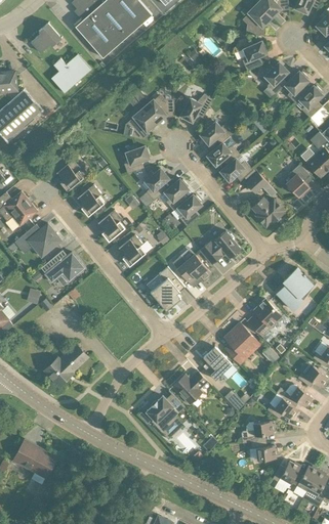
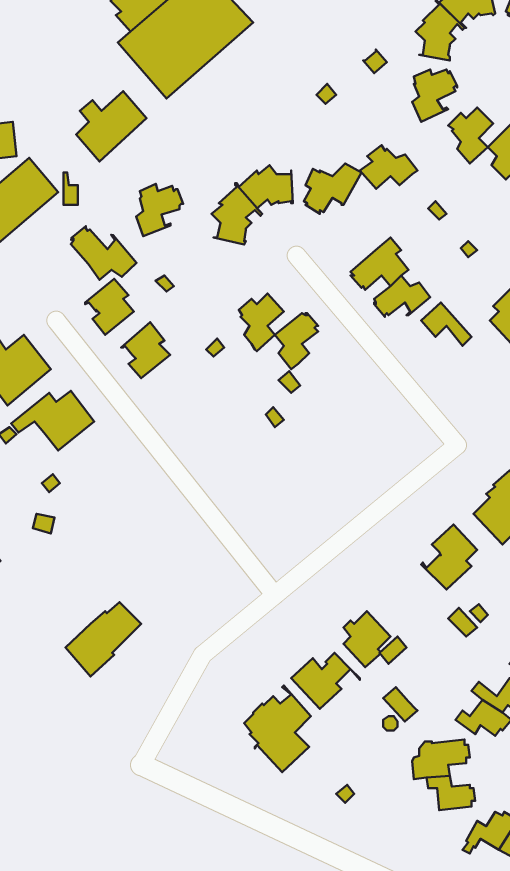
building: [30,23,60,52] -> none
building: [199,120,232,144] -> [360,145,418,189]
building: none -> [71,226,136,280]
building: [123,144,150,174] -> [136,184,183,236]
building: [176,194,201,226] -> none
building: [251,198,283,226] -> none
building: [96,210,124,242] -> none
building: [199,231,239,264] -> none
building: [117,234,145,266] -> none
building: [40,250,84,282] -> none
building: [171,254,210,283] -> none
building: [150,266,183,308] -> none
building: [224,322,259,363] -> none
building: [12,439,56,482] -> none

